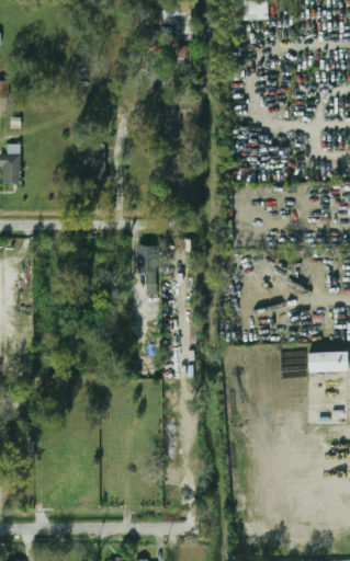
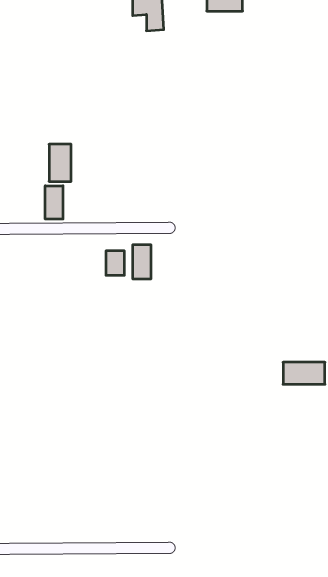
building: none -> [45,186,63,219]
building: none -> [133,245,151,279]

